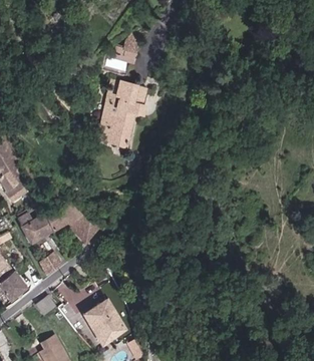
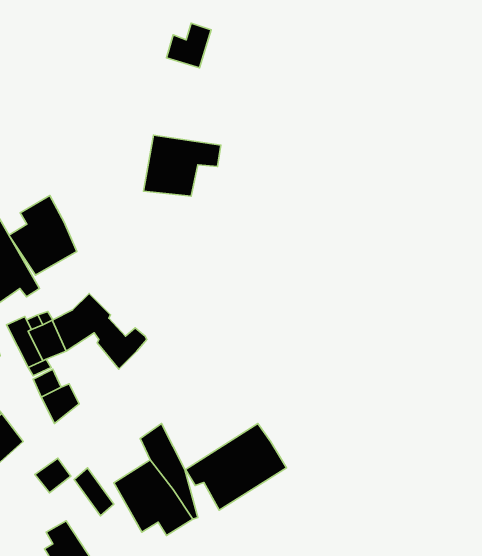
building: [105,91,148,108] -> none
building: none -> [9,195,77,275]
building: none -> [186,423,287,510]

